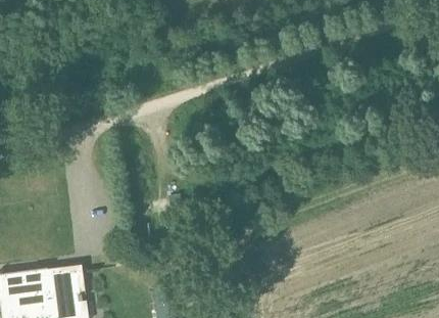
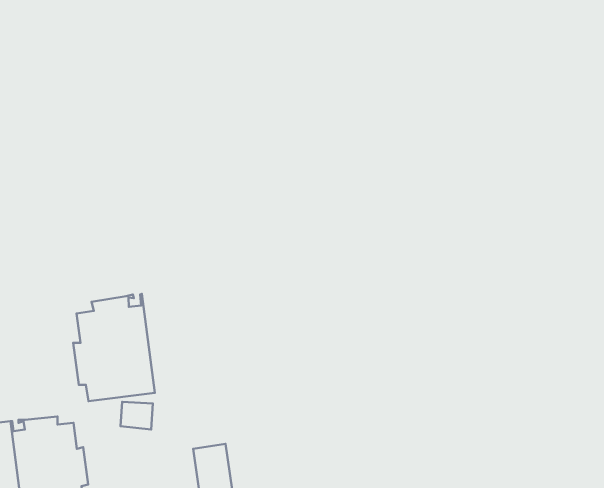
building: none -> [73,294,155,401]

